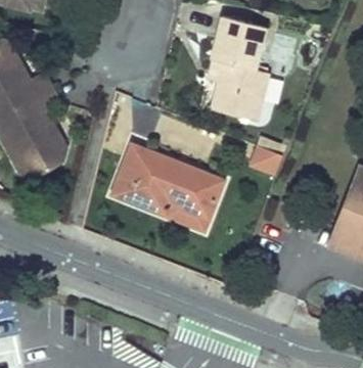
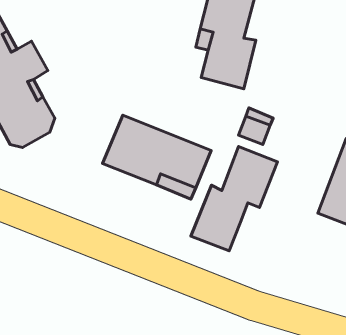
building: none -> [191,147,278,251]

